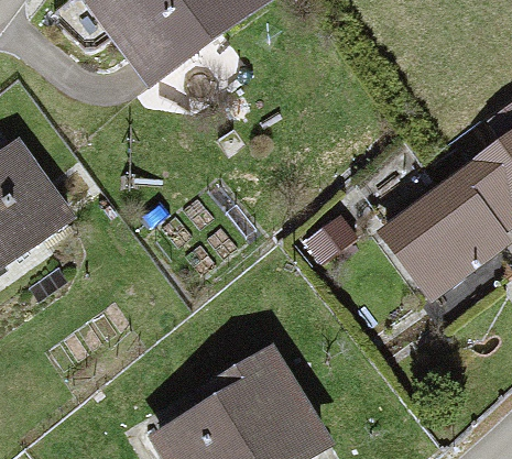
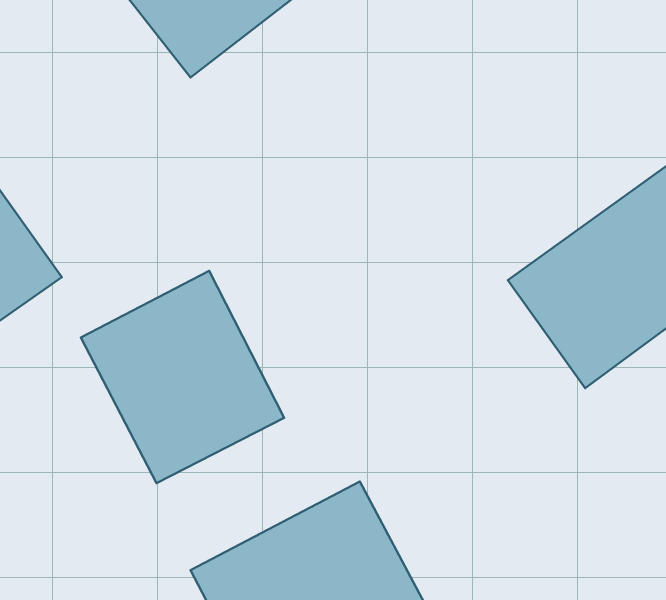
building: none -> [81,271,284,483]

